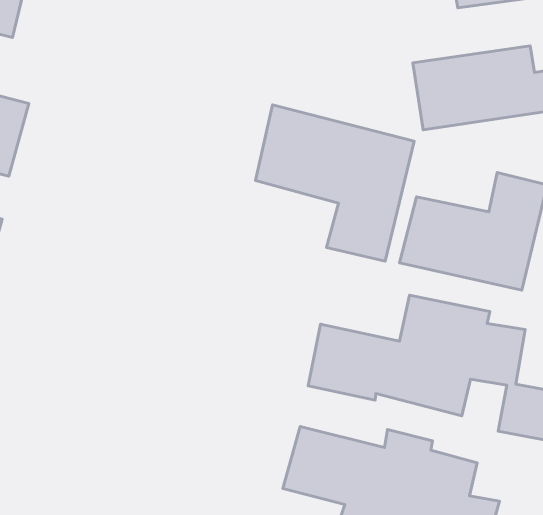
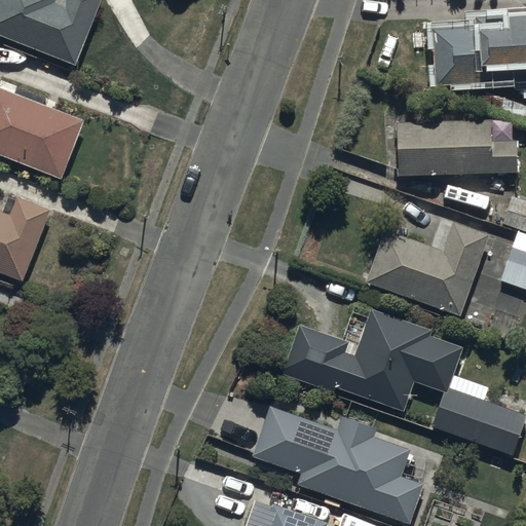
building: [255,105,414,261] -> none

